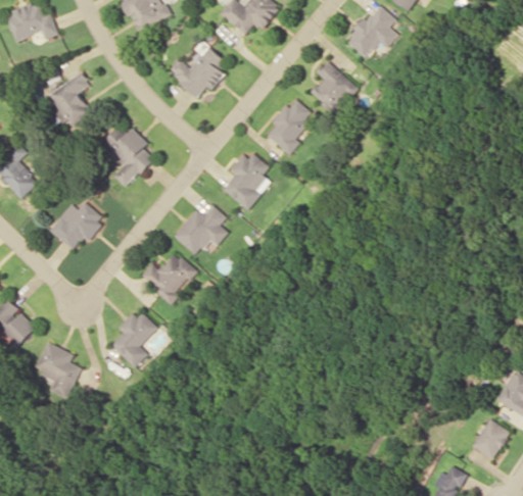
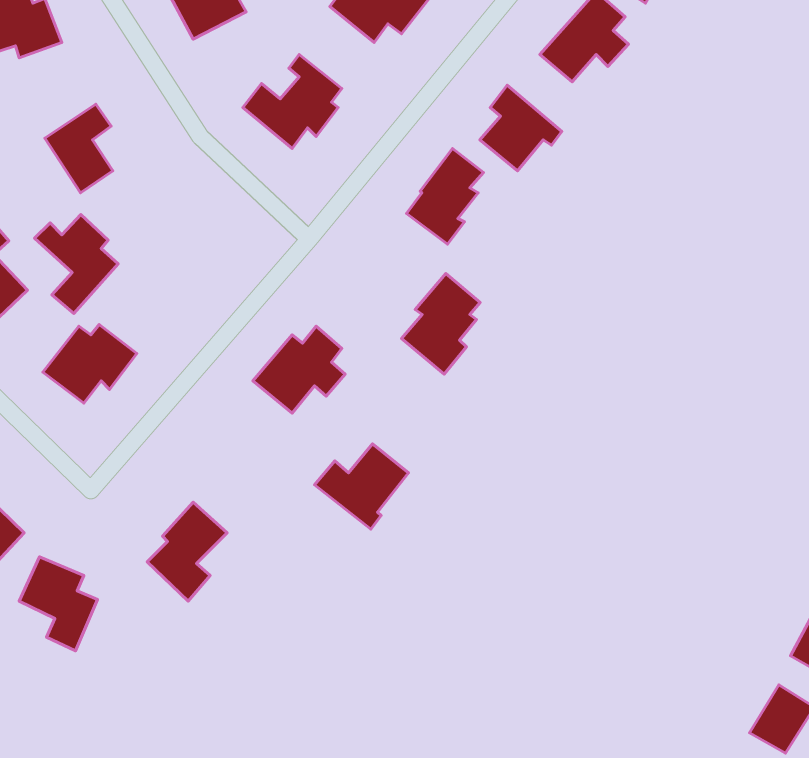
building: [103,128,153,187] -> [35,214,118,313]
building: [223,149,270,209] -> [402,273,480,374]
building: [139,252,195,303] -> [314,444,408,529]

